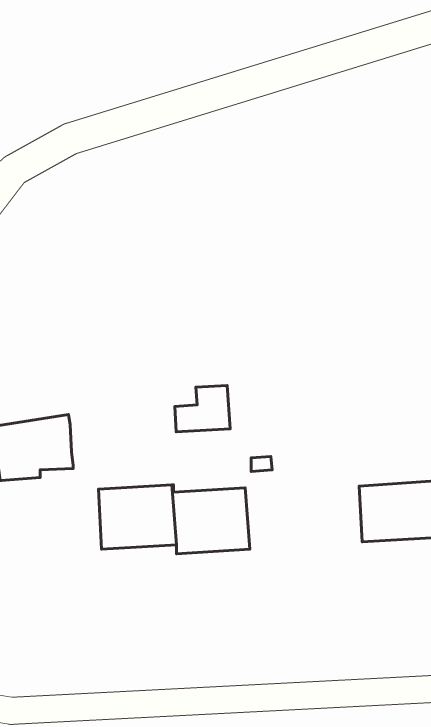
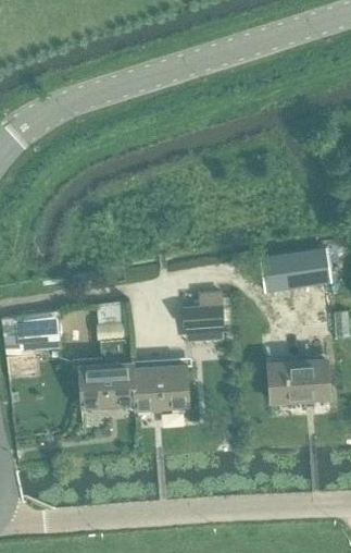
building: none -> [261,250,316,293]
building: [175,386,230,432] -> [183,294,223,328]

